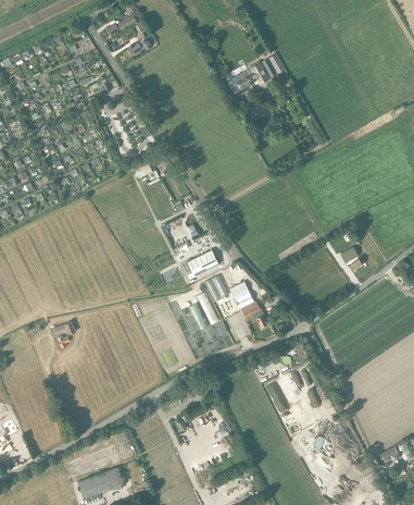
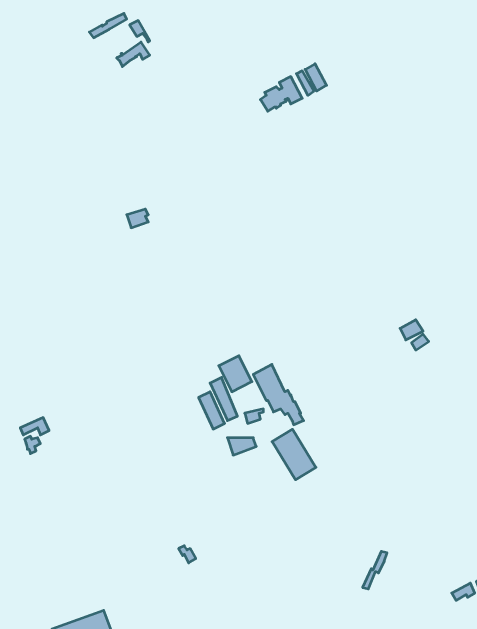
building: [188,248,219,275] -> none
building: none -> [272,429,316,480]

